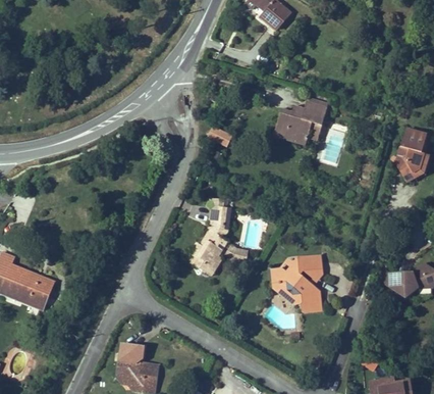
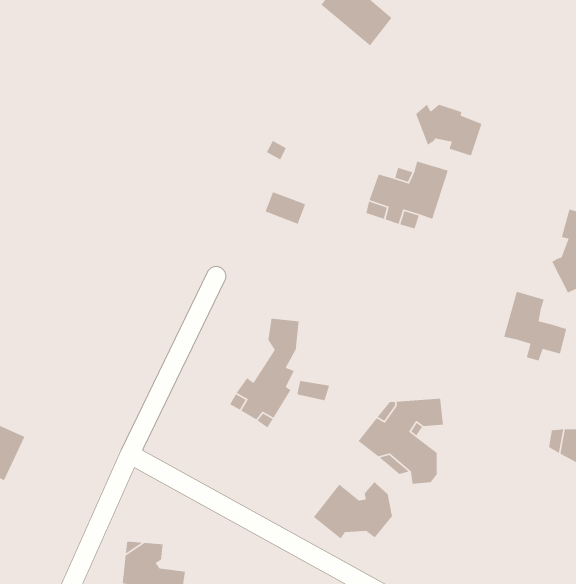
building: none -> [415,103,483,157]
building: none -> [503,291,567,361]
building: none -> [313,481,393,540]

